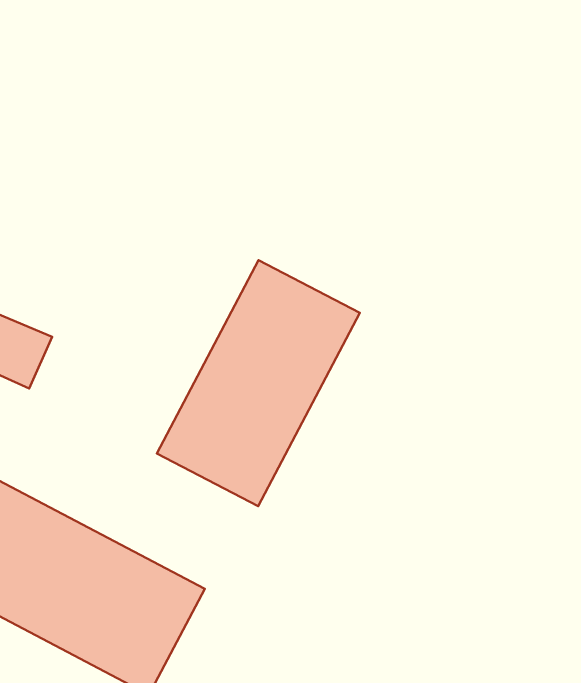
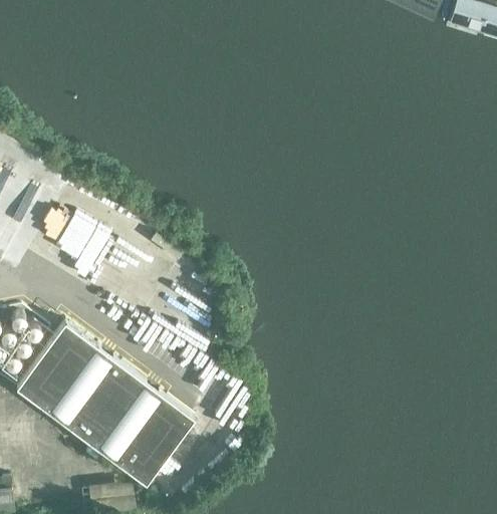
building: [157,260,360,506] -> none

